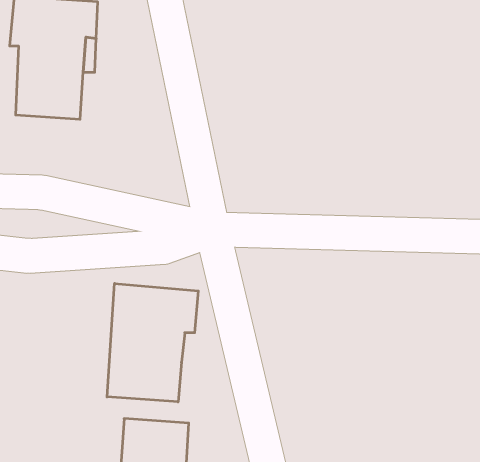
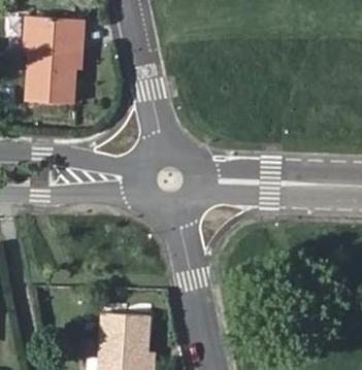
building: [107,283,198,402] -> none

